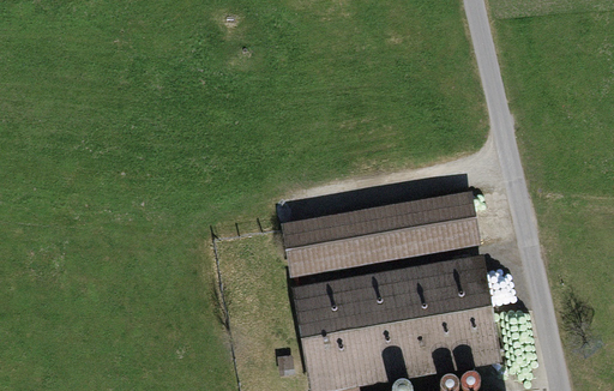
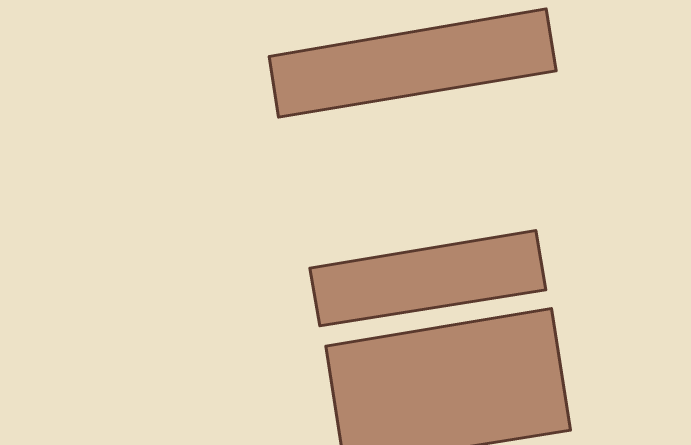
building: none -> [269,9,556,117]

